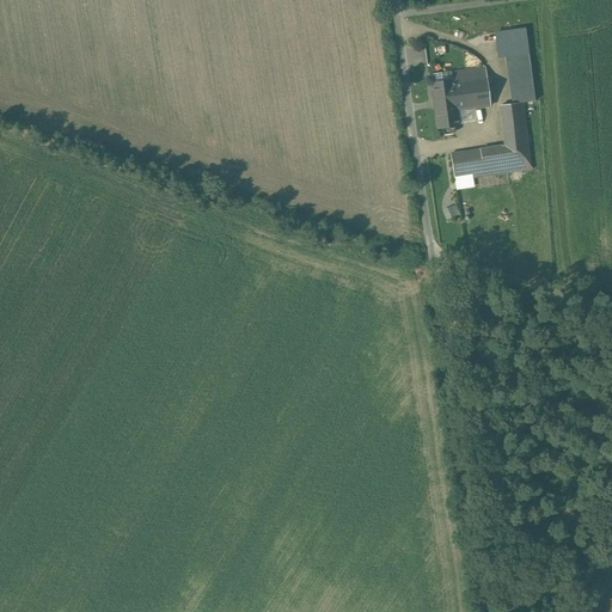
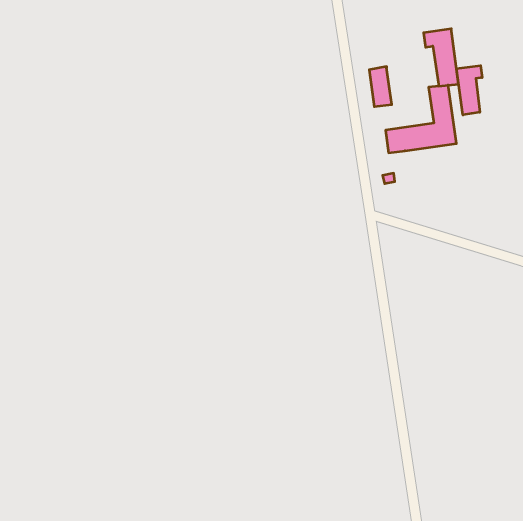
building: [451,65,490,106] -> none
building: none -> [456,66,482,115]

